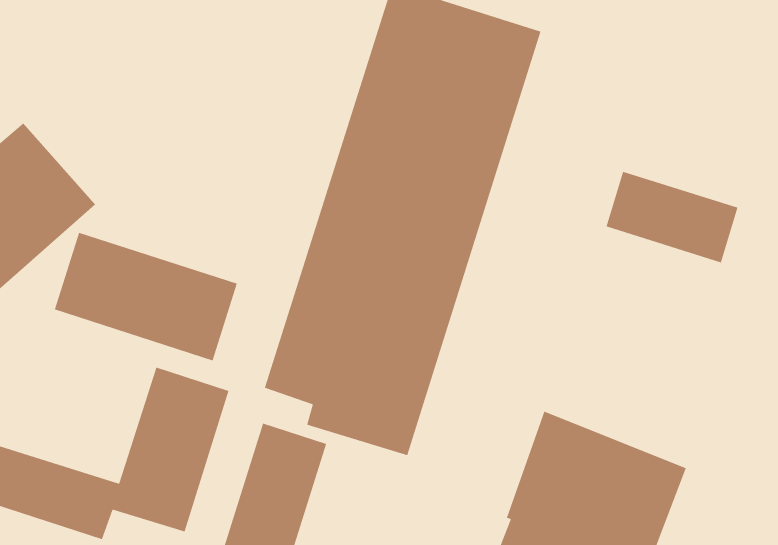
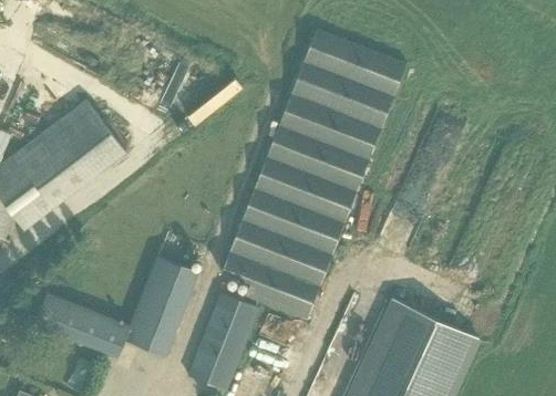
building: [605,171,739,263] -> none
building: [54,232,238,361] -> none

